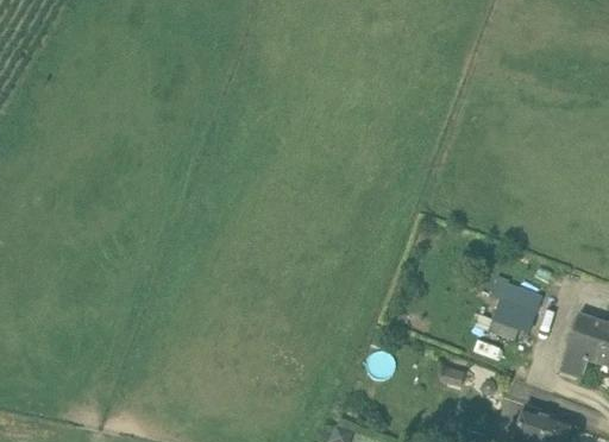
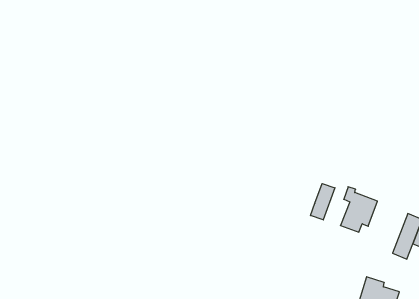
building: none -> [311,184,335,220]

